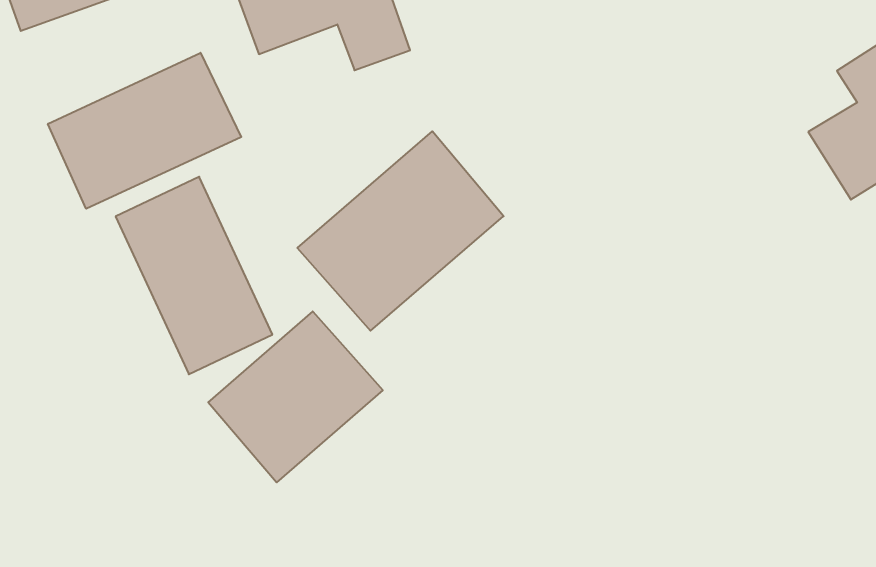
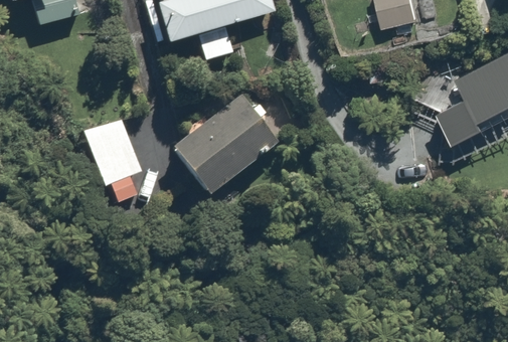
building: [48,53,241,209] -> none
building: [208,311,383,482] -> none

